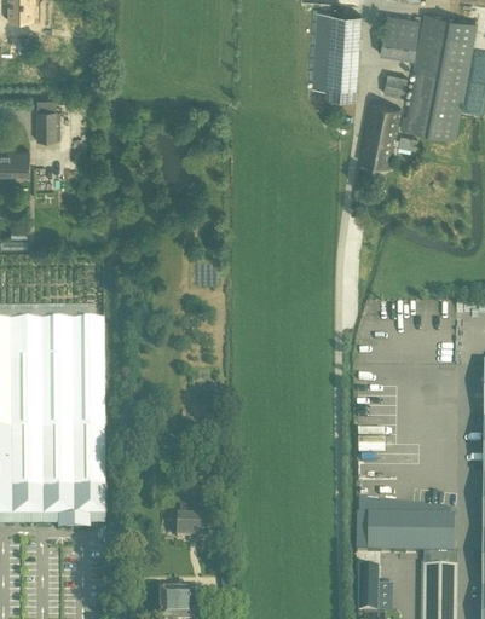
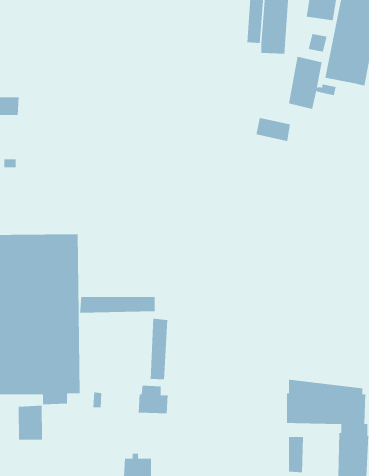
building: [37,110,57,139] -> none
building: none -> [256,117,291,142]
building: none -> [80,296,155,313]
building: none -> [150,318,168,380]
building: none -> [18,405,42,440]

